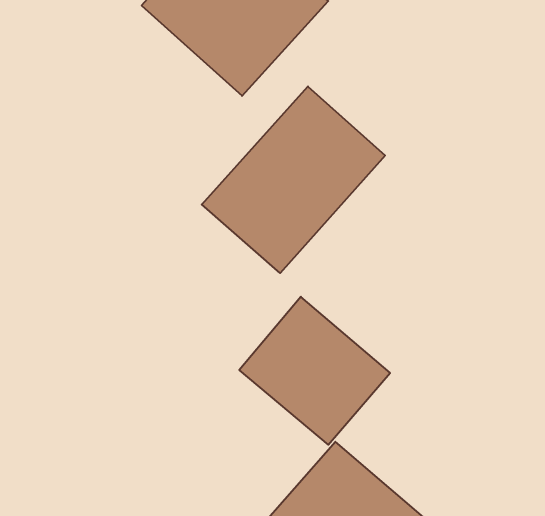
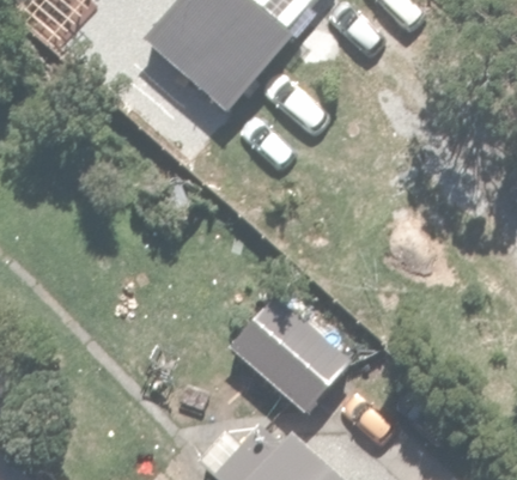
building: [202,86,385,273] -> none

